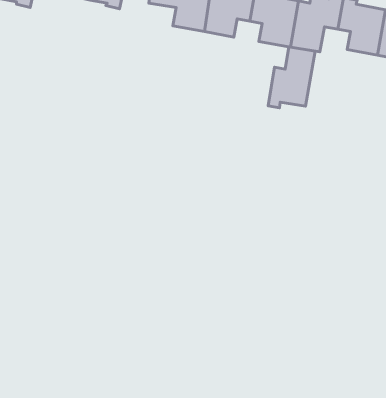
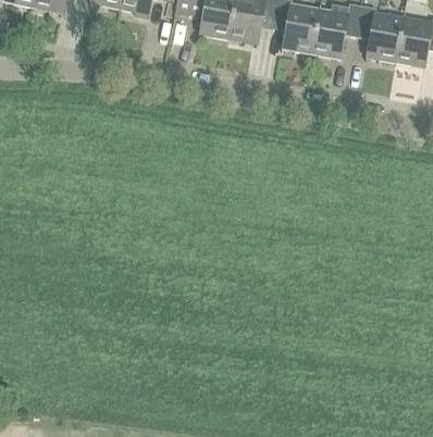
building: [268,47,315,108] -> none

